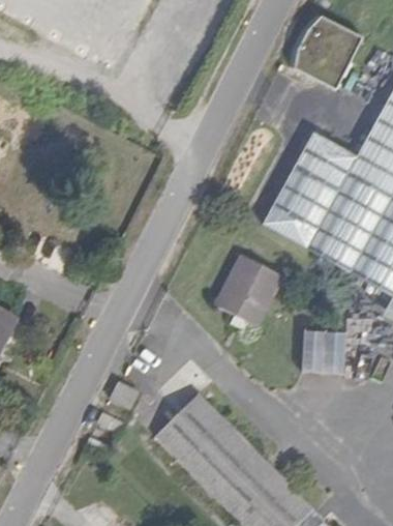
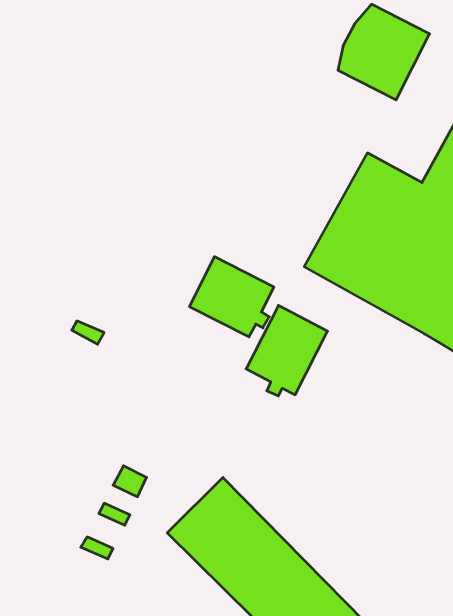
building: none -> [190,257,274,337]
building: [301,330,345,374] -> none

